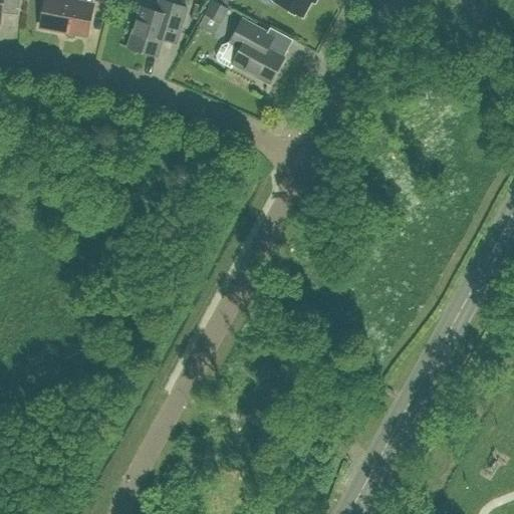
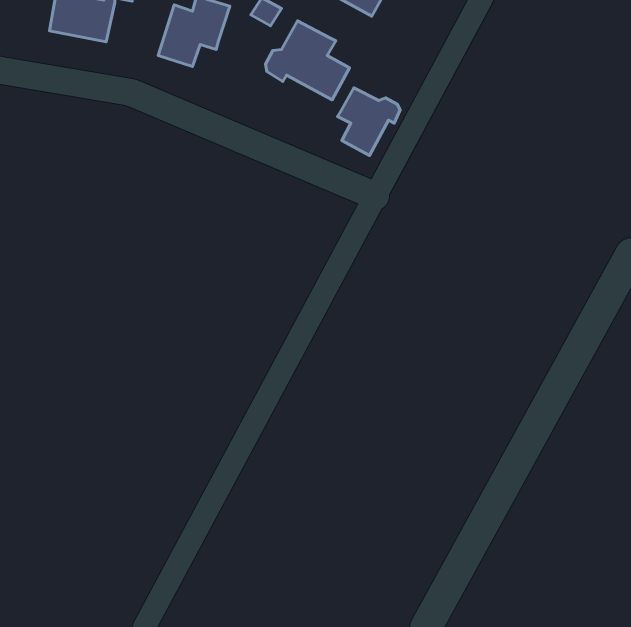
building: none -> [338,88,400,156]

